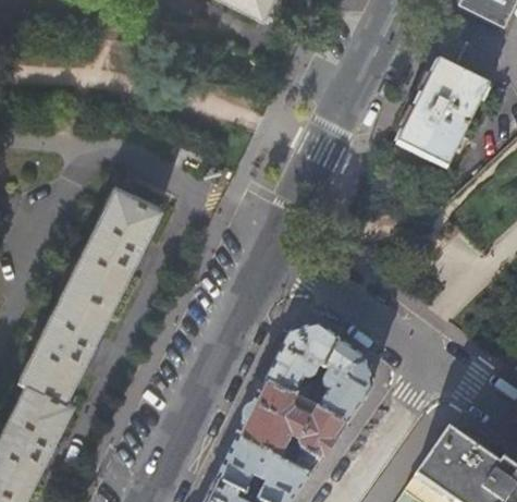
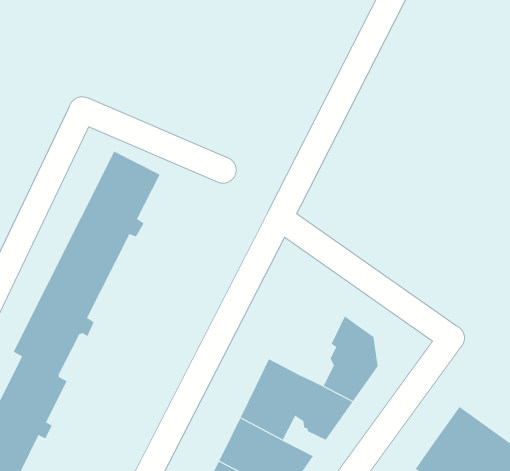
building: [397,60,490,168] -> none
building: [266,326,338,397] -> none

